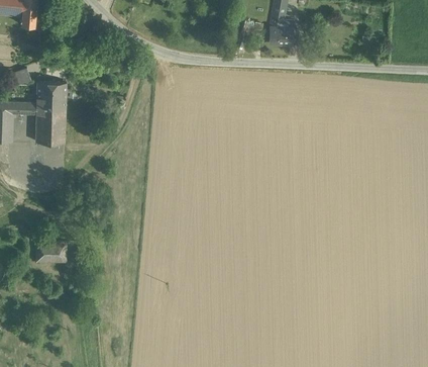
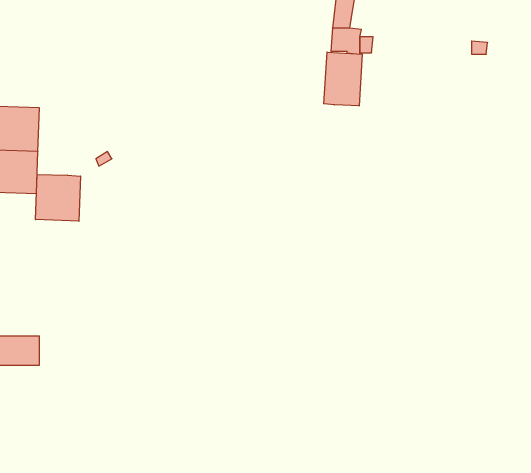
building: none -> [324,52,362,106]
building: none -> [36,175,80,221]

